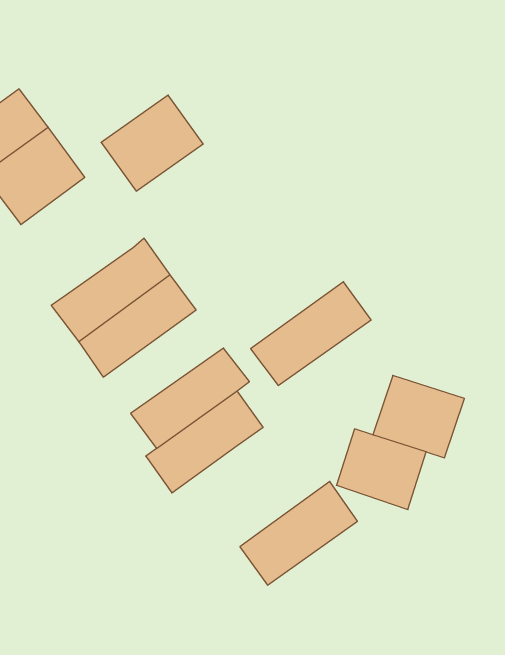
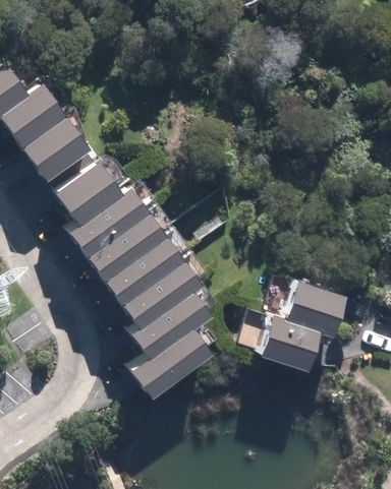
building: [101,95,203,191] -> [53,159,121,223]
building: [251,282,371,385] -> [101,233,181,302]
building: [240,481,357,585] -> [130,323,209,392]

